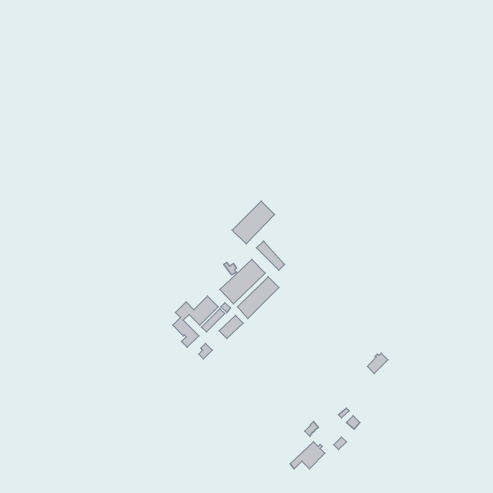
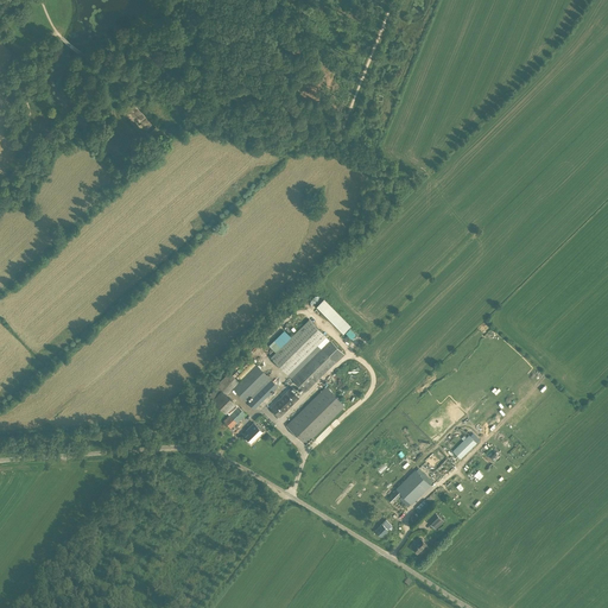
building: [232,201,274,244] -> none
building: none -> [286,388,343,444]
building: [290,442,325,469] -> [387,470,430,504]

